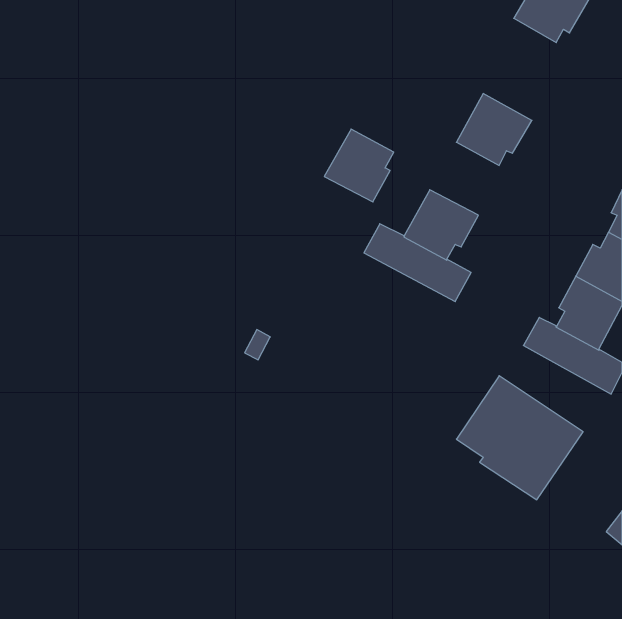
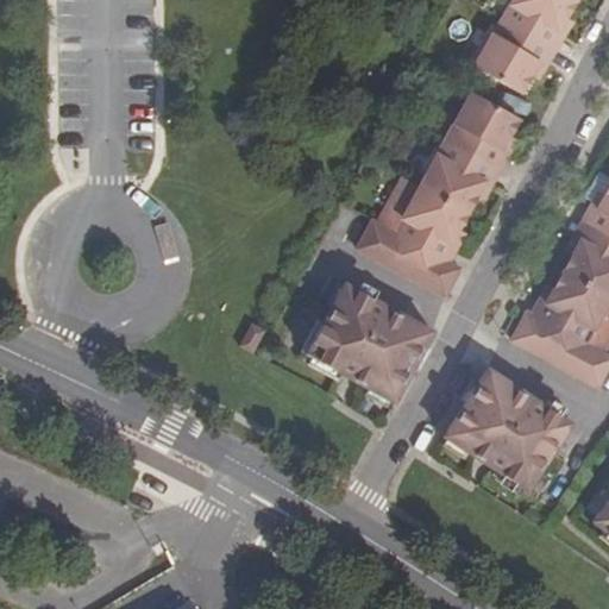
building: none -> [475,18,544,90]
building: [324,129,394,202] -> [420,139,488,211]
building: none -> [303,282,433,395]

